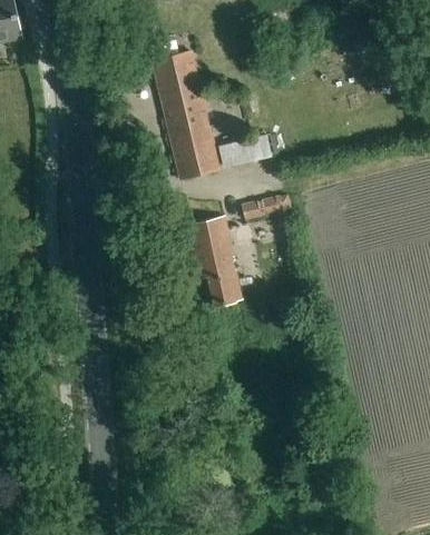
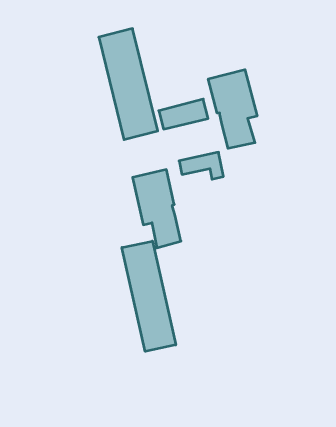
building: none -> [208,70,257,148]
building: none -> [122,241,176,351]

